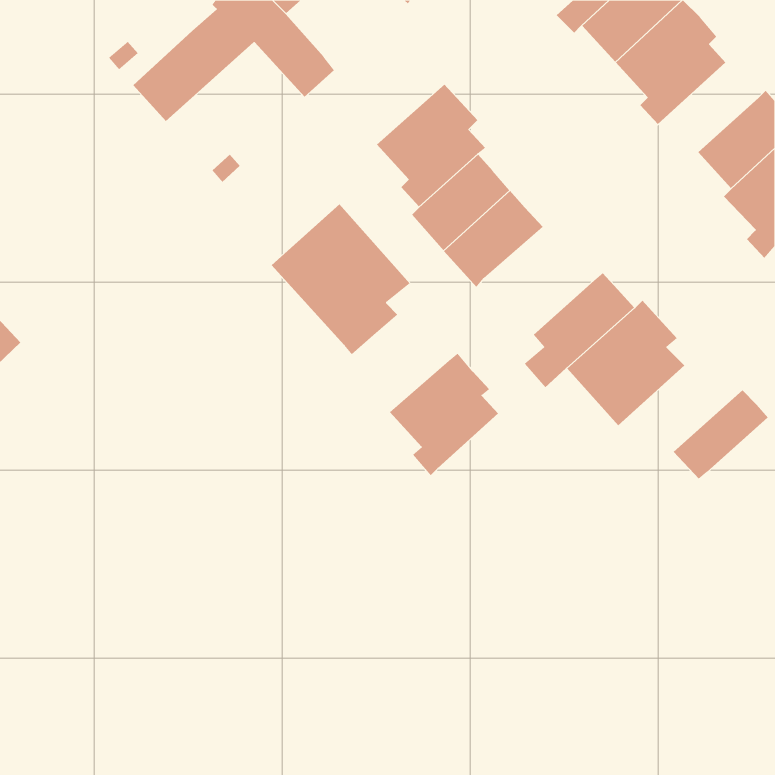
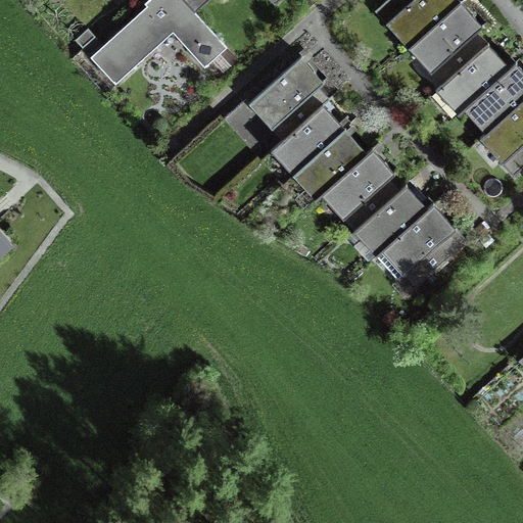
building: none -> [430,44,509,120]
building: [271,203,410,355] -> none
building: [389,353,499,476] -> [325,149,398,232]
building: [673,390,769,480] -> none

